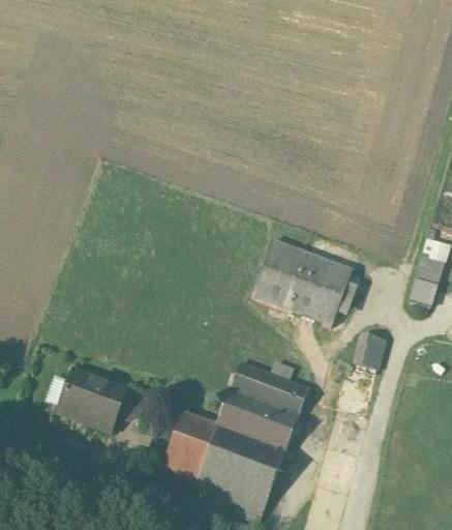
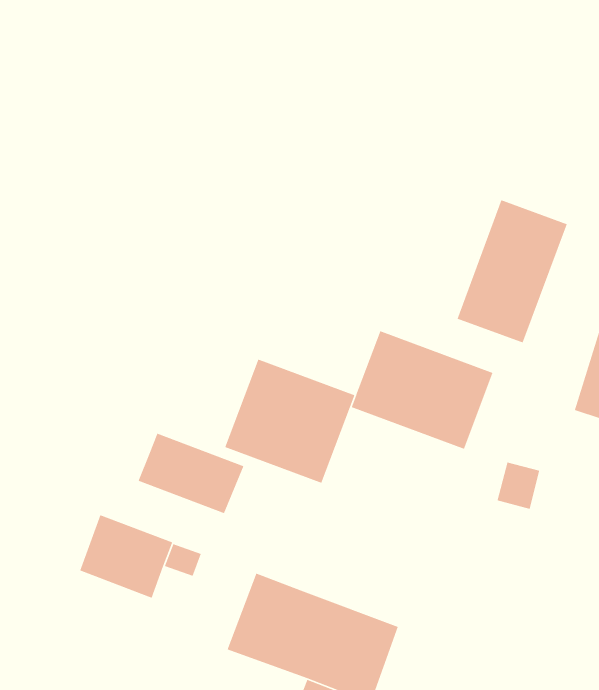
building: none -> [456,199,568,344]
building: none -> [138,433,244,514]
building: [216,361,309,450] -> [224,358,355,484]

